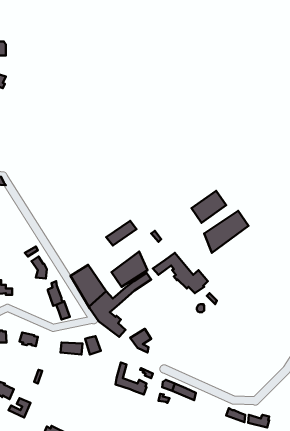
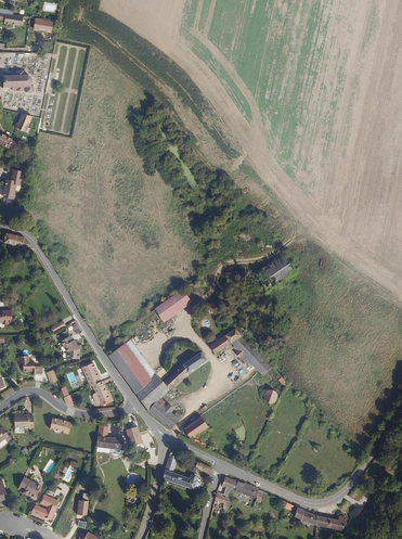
building: [204,211,249,253] -> none
building: [111,252,148,287] -> none

